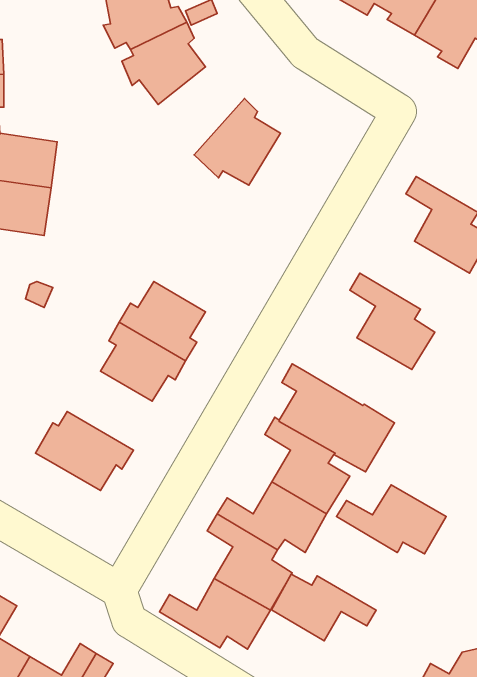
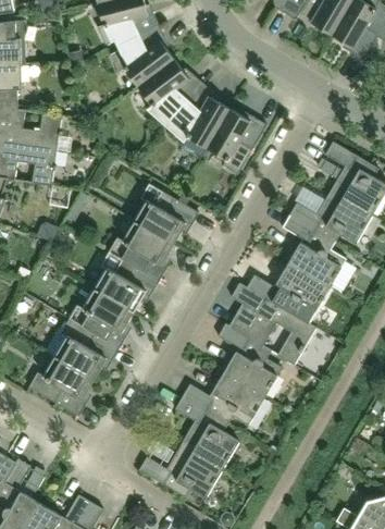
building: none -> [137,59,202,125]
building: none -> [206,109,266,174]
building: none -> [134,183,198,244]
building: none -> [289,190,372,244]
building: none -> [69,288,133,348]
building: none -> [28,356,94,417]
building: [337,485,446,554] -> [246,263,328,316]
building: [271,574,376,641] -> none

